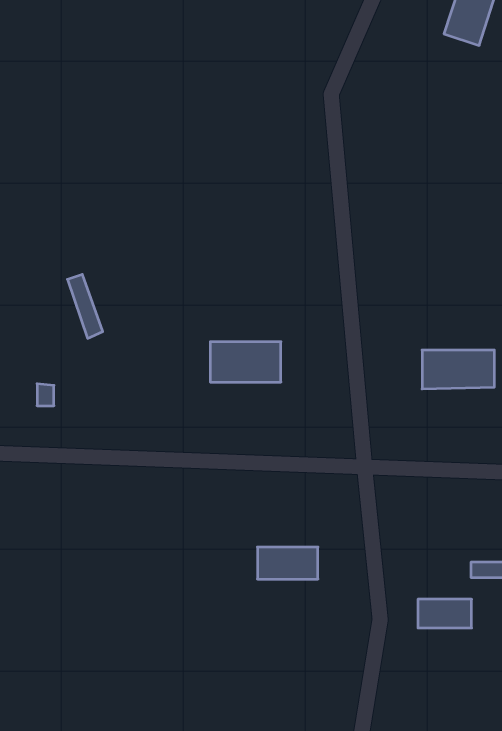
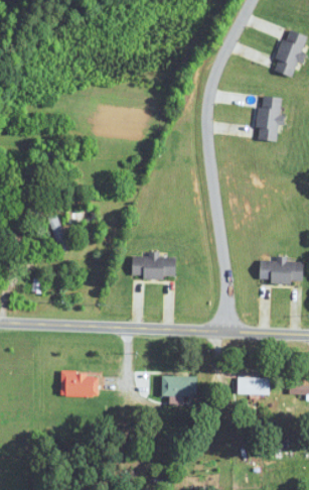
building: none -> [258,97,280,140]
building: none -> [60,373,98,396]
building: [418,599,472,628] -> [238,377,270,394]

